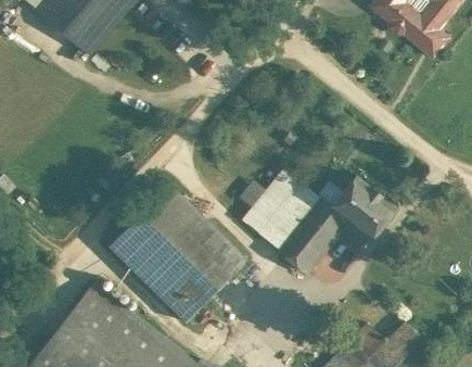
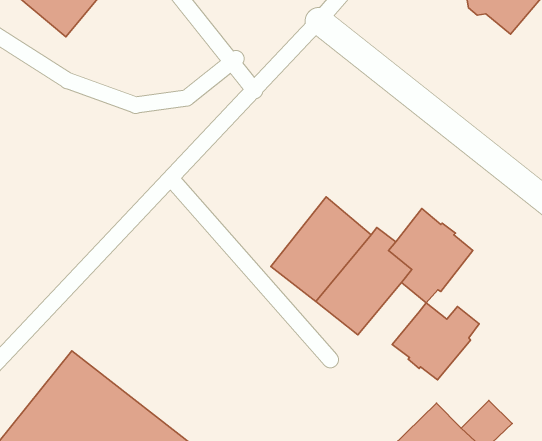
building: [107,184,246,321] -> none
building: none -> [392,303,479,380]

